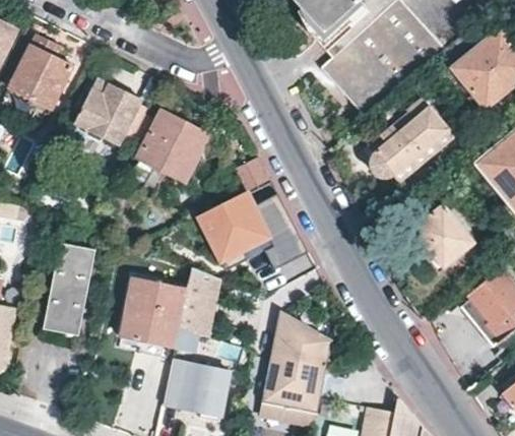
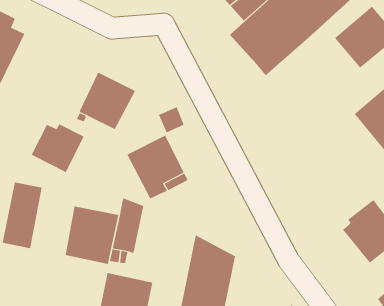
building: [74,83,140,144] -> [31,123,84,173]
building: [371,99,455,210] -> none
building: [399,202,476,267] -> none

